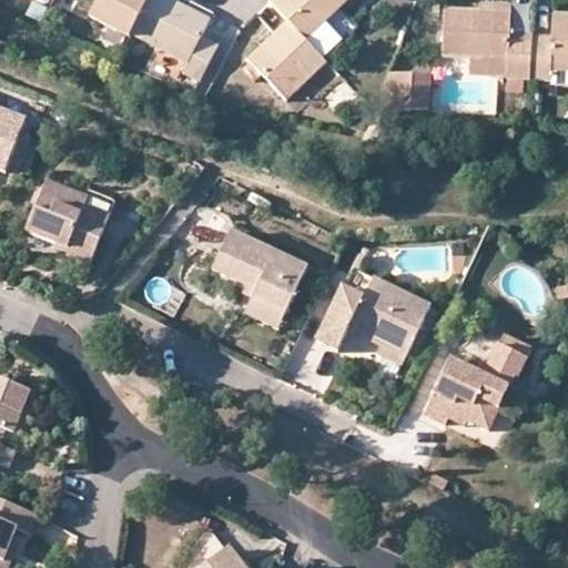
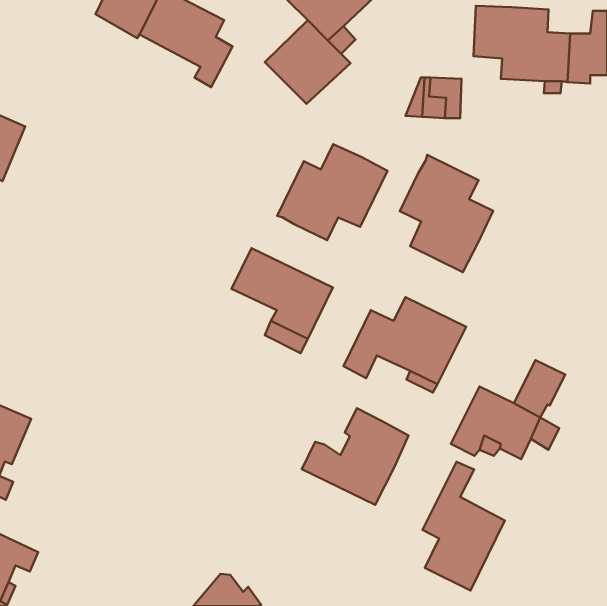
building: none -> [277,144,387,240]
building: none -> [400,155,493,272]
building: [24,179,113,261] -> none
building: none -> [302,408,408,505]
building: none -> [423,462,505,591]

